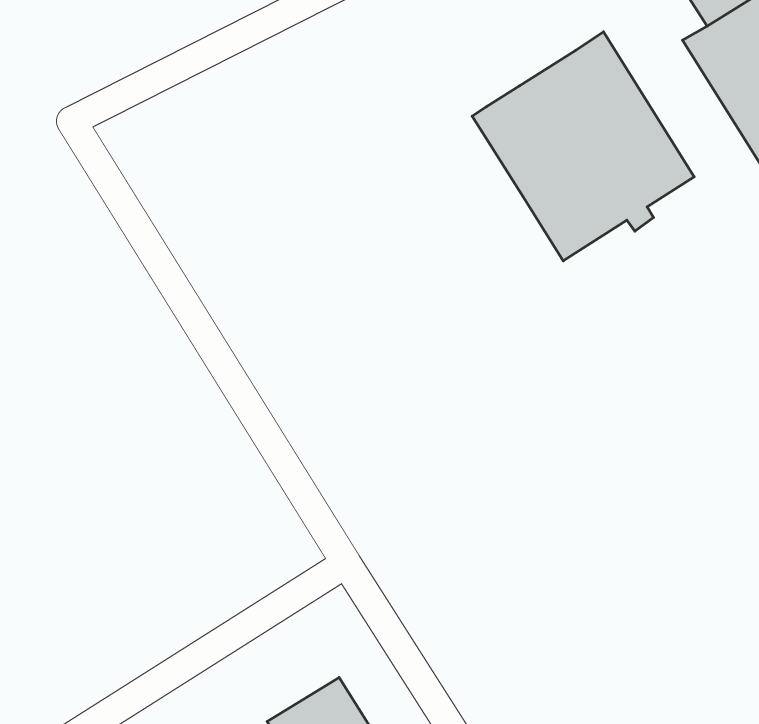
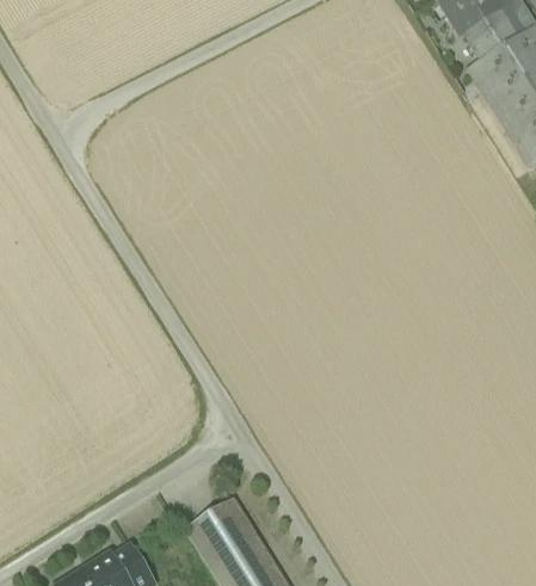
building: [472,32,694,261] -> none

